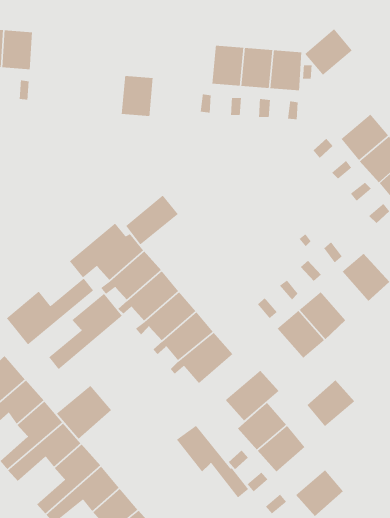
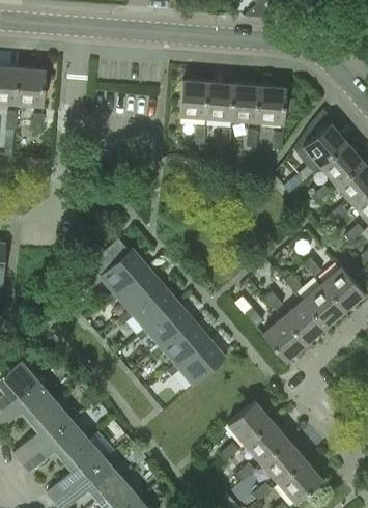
building: [304,28,353,76] -> [303,123,346,166]
building: [121,75,153,117] -> [178,80,207,117]
building: [125,195,179,245] -> none
building: none -> [302,284,344,328]
building: [6,278,94,345] -> none
building: [48,293,123,370] -> none
building: [225,370,280,421] -> none
building: [306,379,355,427] -> [262,441,306,483]
building: [56,385,112,440] -> none
building: [176,425,249,498] -> none

